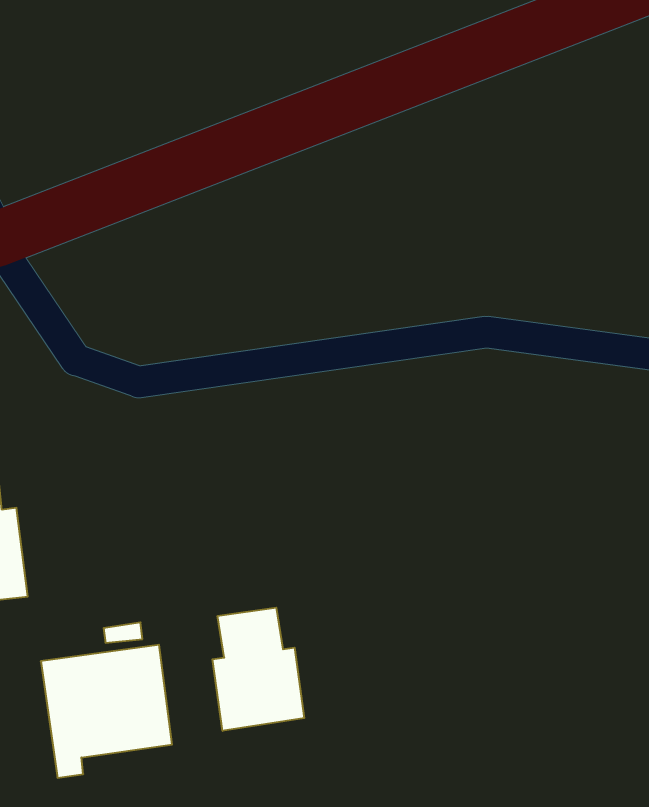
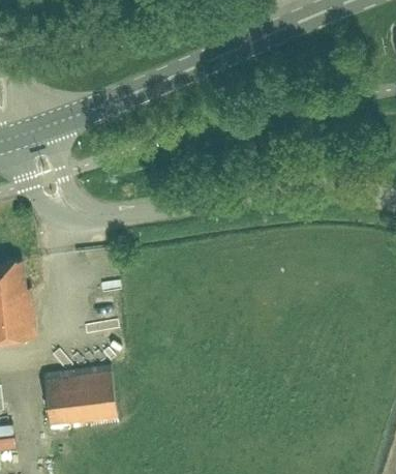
building: [212,608,304,731] -> none

